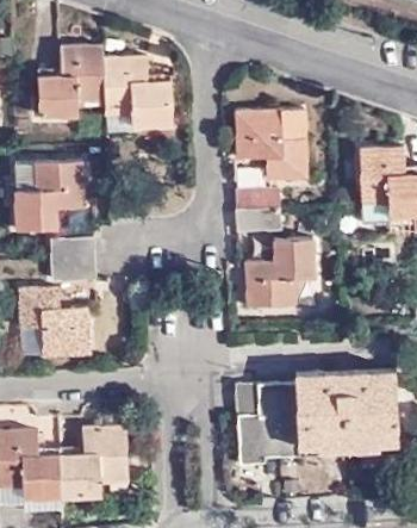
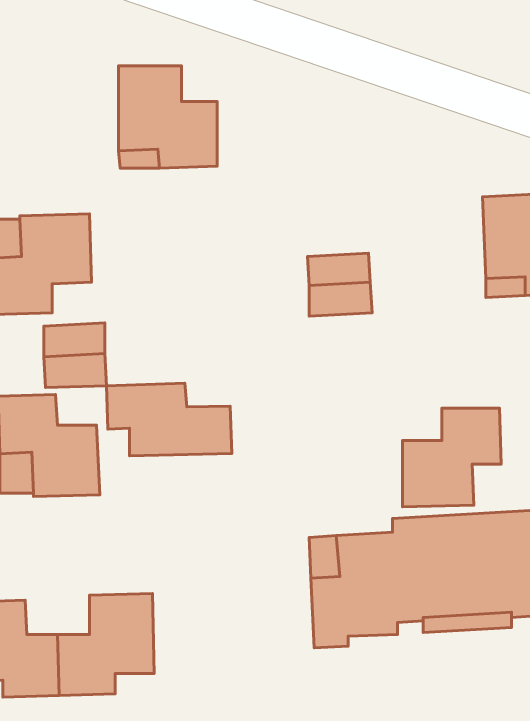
building: [38,45,104,117] -> none
building: [236,110,306,181] -> none
building: [247,240,316,309] -> [403,408,501,507]
building: none -> [107,383,232,456]

